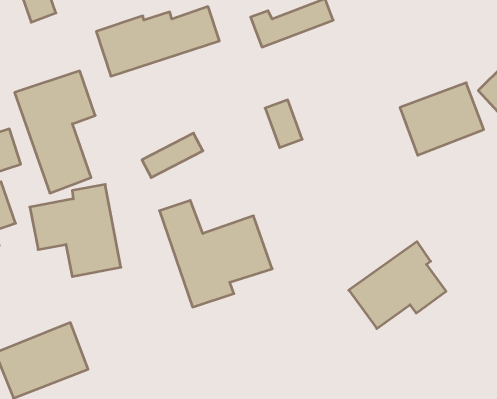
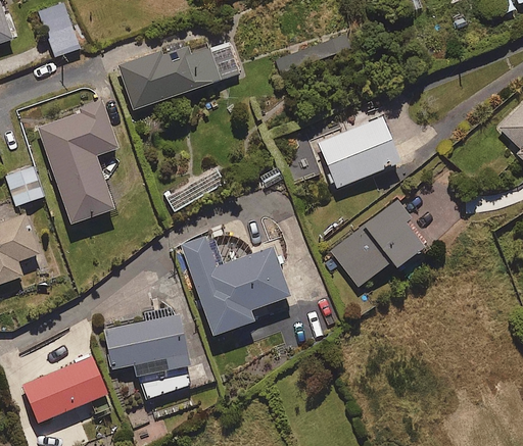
building: [400,83,484,155] -> [318,117,400,189]
building: [30,184,121,277] -> [103,304,193,395]
building: [349,242,446,329] -> [331,201,427,287]

